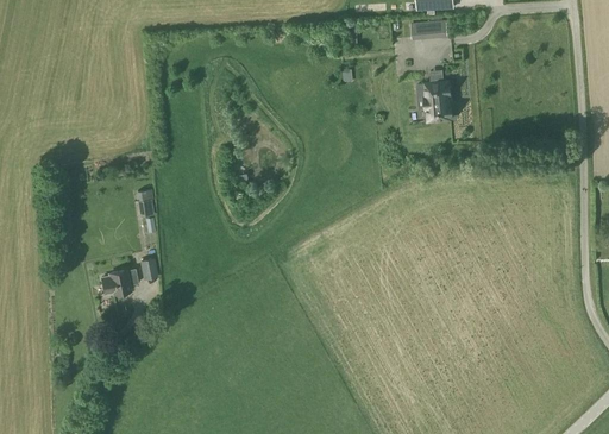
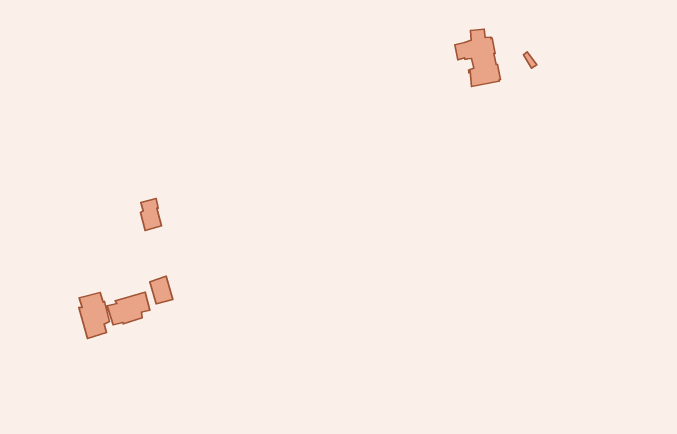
building: none -> [79,293,110,338]

